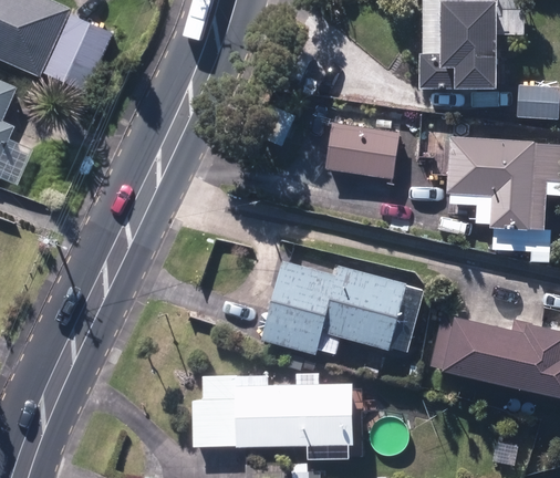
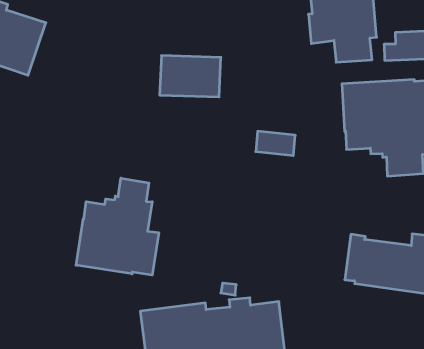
building: [324,124,400,178] -> [160,56,221,97]
building: none -> [76,178,159,275]
building: [259,261,407,355] -> none

